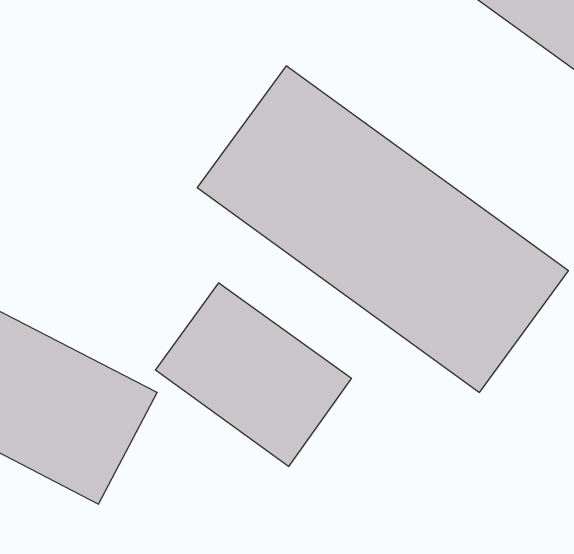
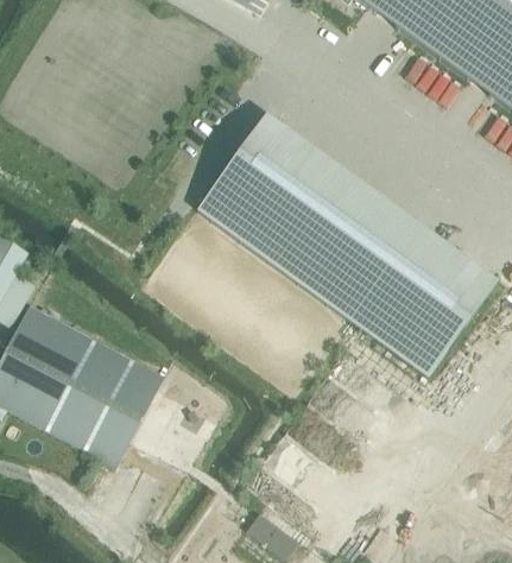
building: [155,283,351,467] -> none

